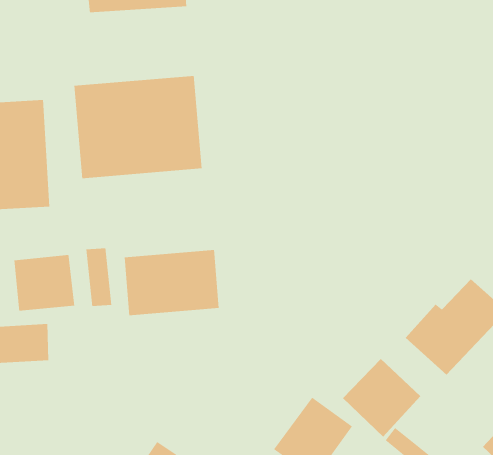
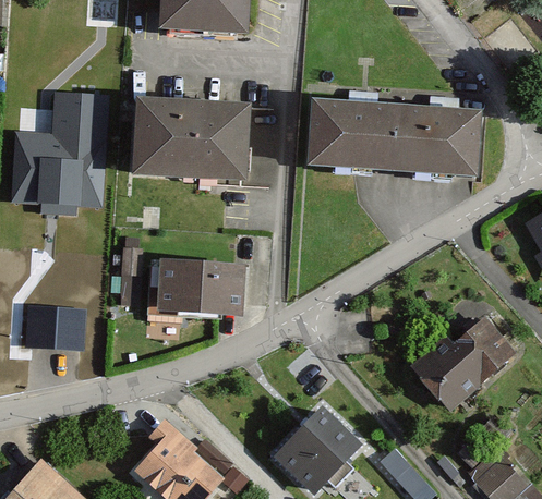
building: none -> [301,105,484,187]
building: [14,254,75,311] -> none
building: [342,358,421,437] -> none

